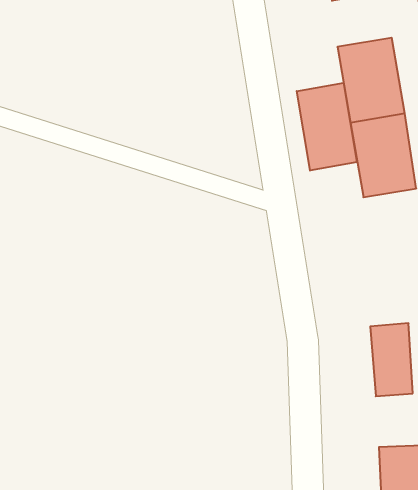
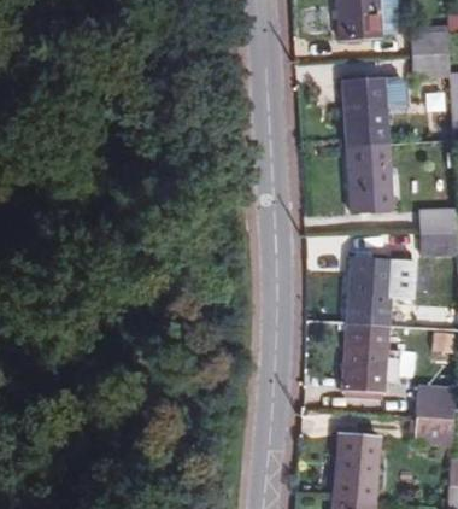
building: [297,83,357,171] -> none
building: none -> [341,258,378,327]

